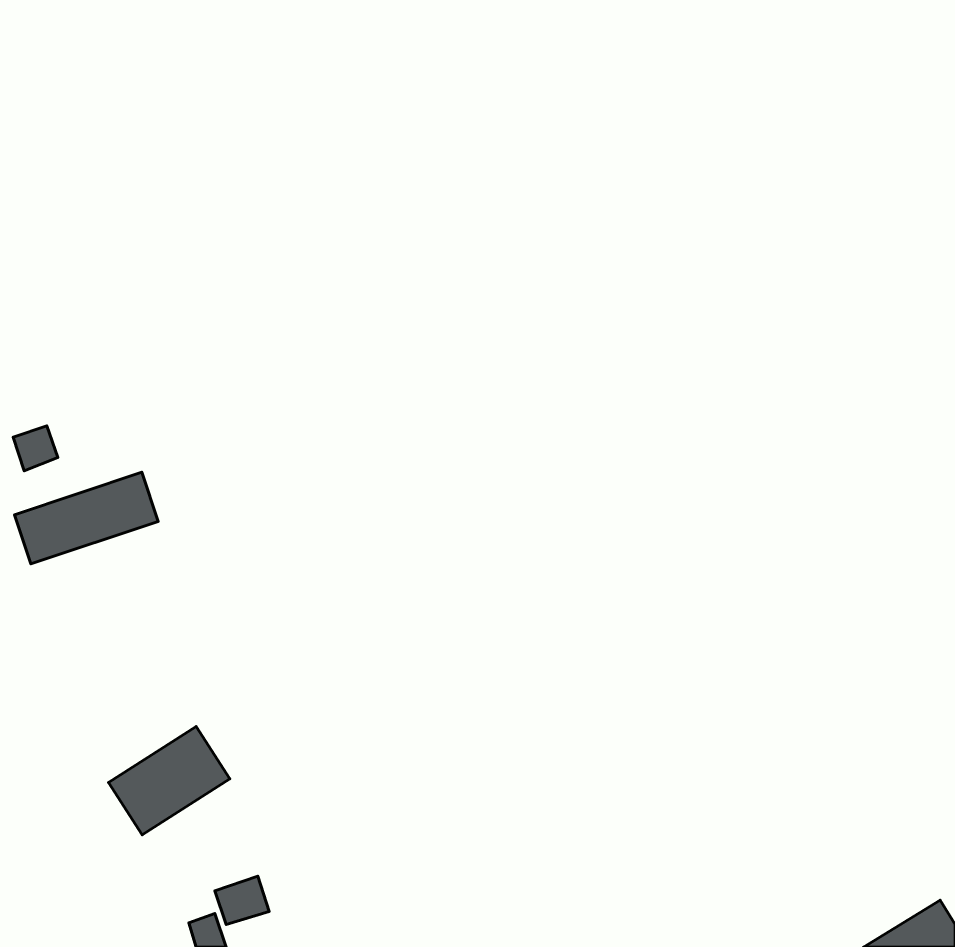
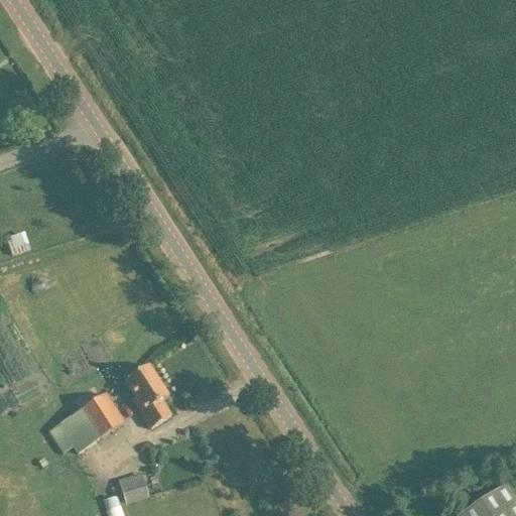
building: [15,472,158,564] -> none
building: none -> [126,364,171,426]

